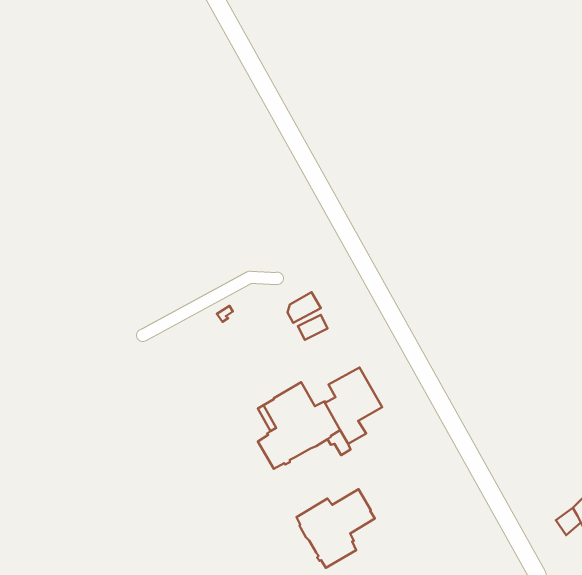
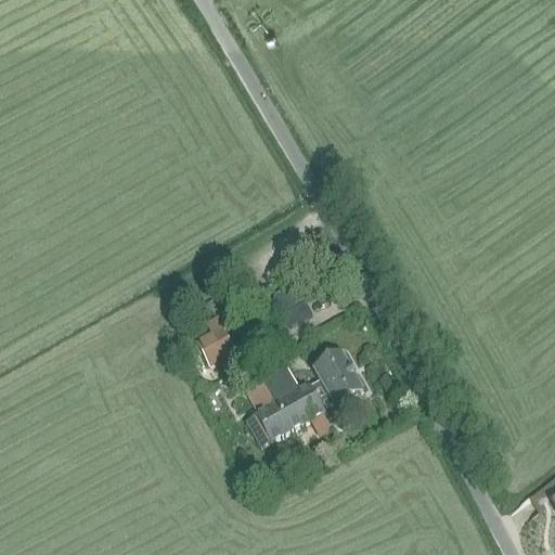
building: none -> [197,312,235,362]
building: [296,489,375,568] -> none

